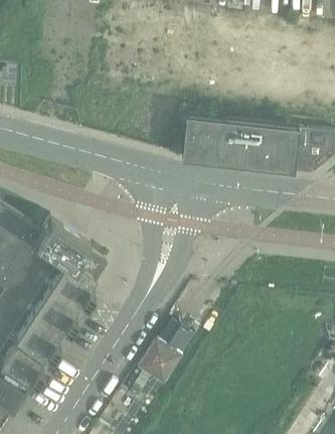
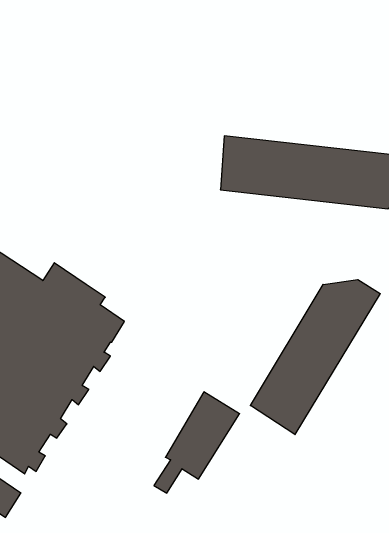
building: none -> [250,280,380,435]

